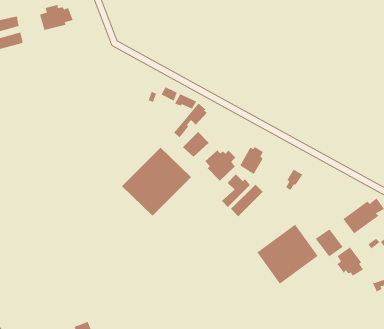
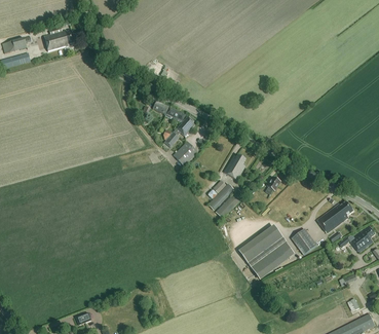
building: [121,147,192,216] -> none
building: [205,150,236,181] -> none
building: [336,247,364,276] -> none

